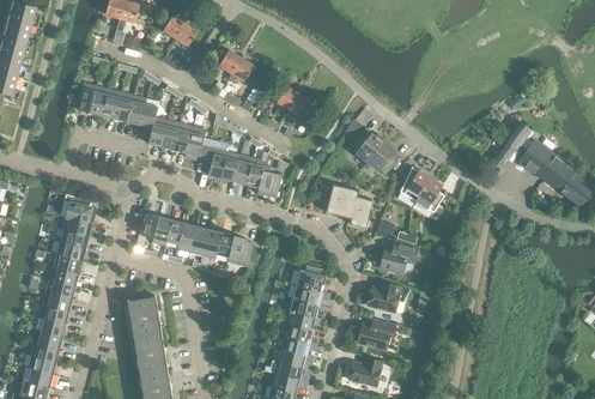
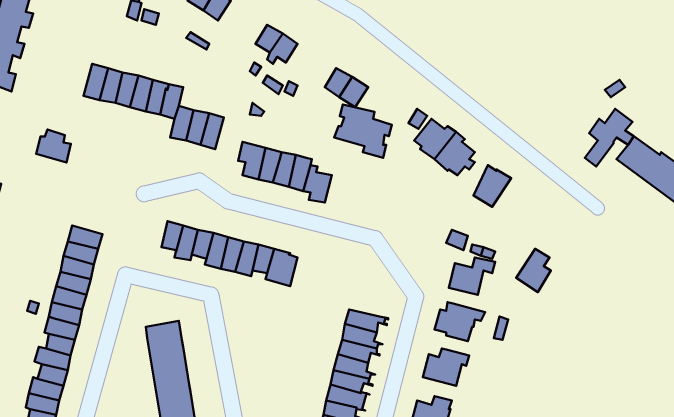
building: [183,127,207,163] -> none
building: [414,177,443,213] -> [516,249,551,292]
building: [324,185,372,229] -> [334,104,392,158]
building: [66,197,95,224] -> [36,129,71,163]
building: [296,265,326,292] -> none

